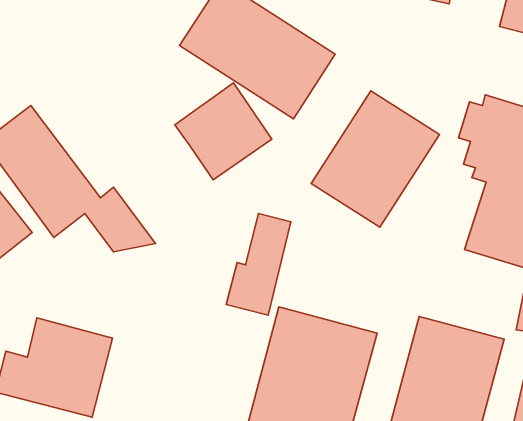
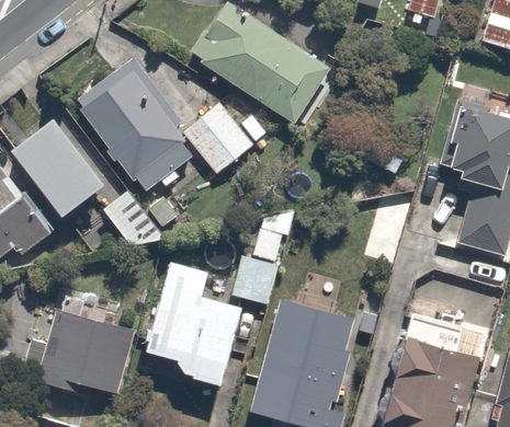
building: none -> [78,60,200,192]
building: [311,91,440,227] -> none
building: none -> [146,262,246,388]

